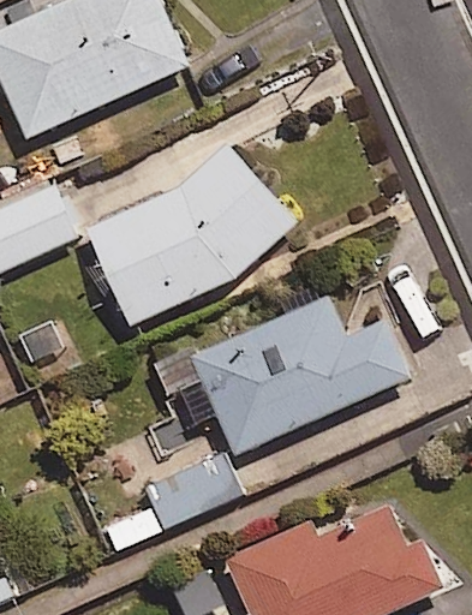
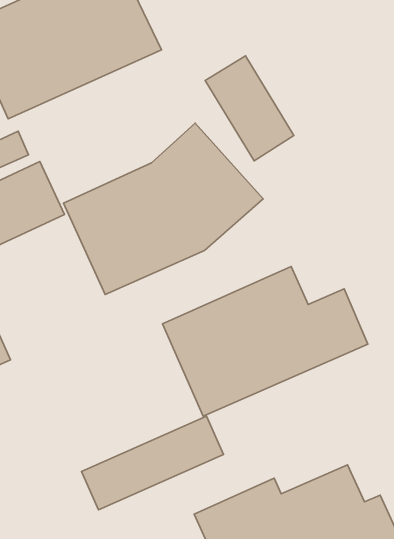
building: none -> [205,56,294,161]

